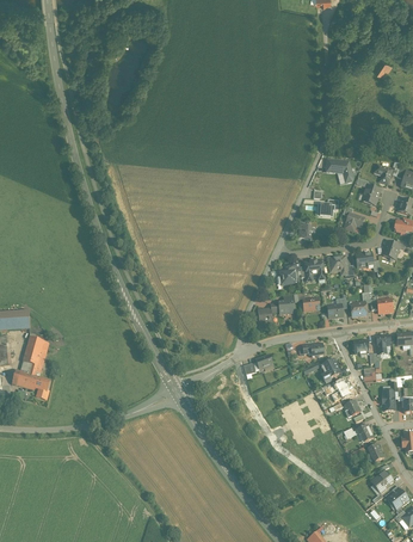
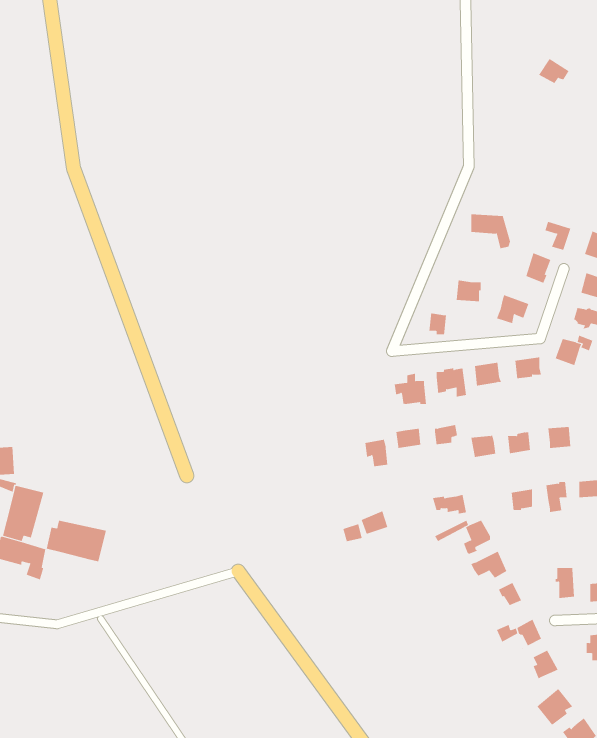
building: none -> [46,520,106,562]

